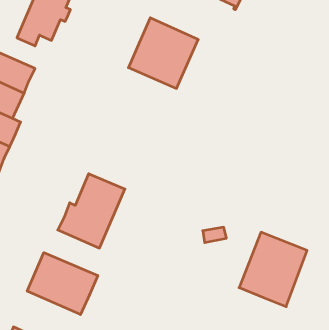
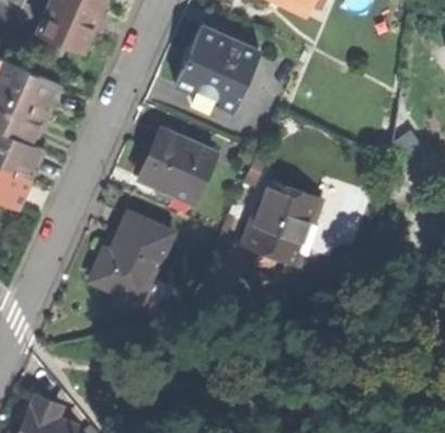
building: none -> [140,129,215,201]
building: [239,232,307,307] -> [242,178,324,267]
building: [27,253,98,315] -> none

